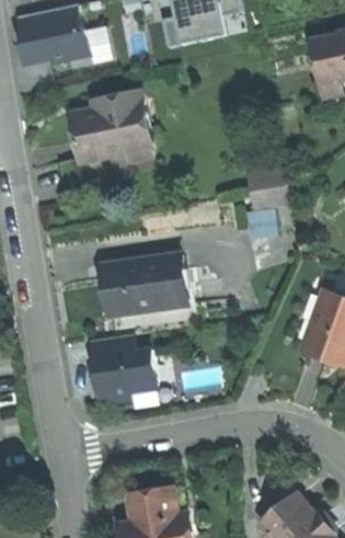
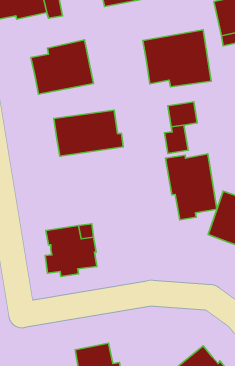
building: none -> [143,30,211,87]
building: none -> [166,154,217,220]
building: [101,254,192,314] -> [54,110,123,156]

